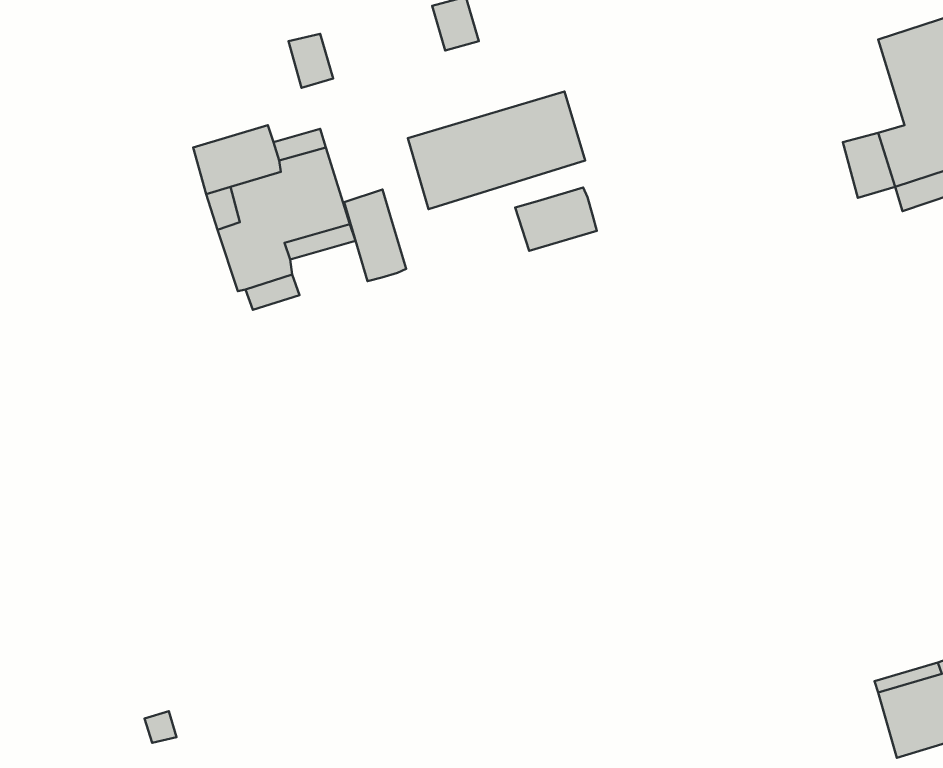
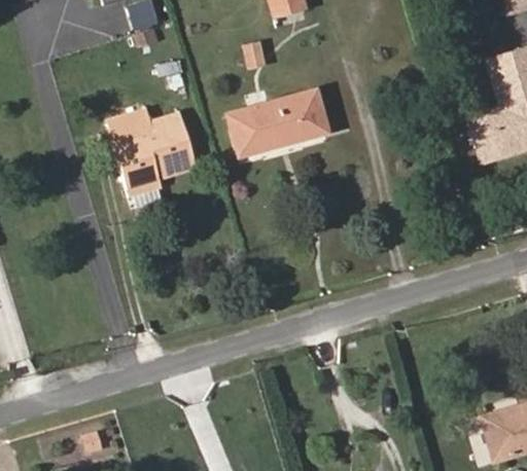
building: [515,187,597,251] -> none
building: [344,190,406,281] -> none

